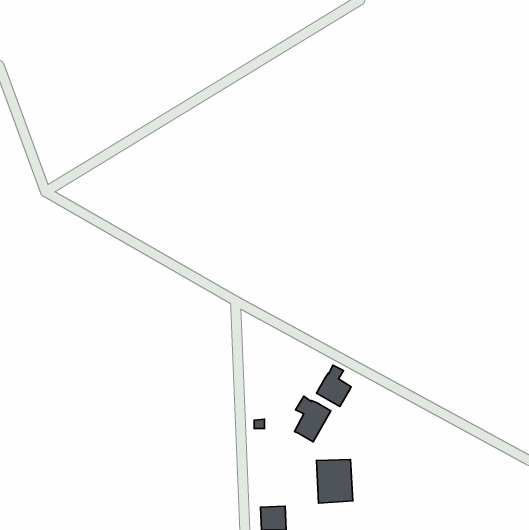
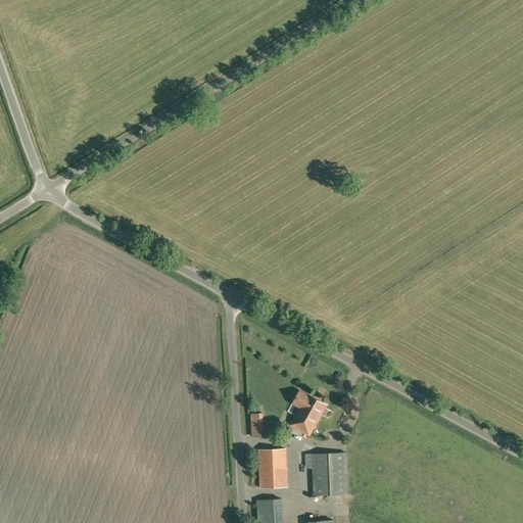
building: [316,365,351,406] -> none
building: none -> [258,448,286,487]

